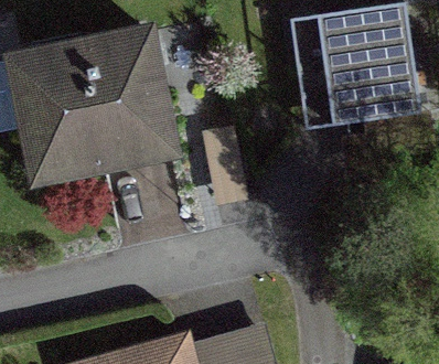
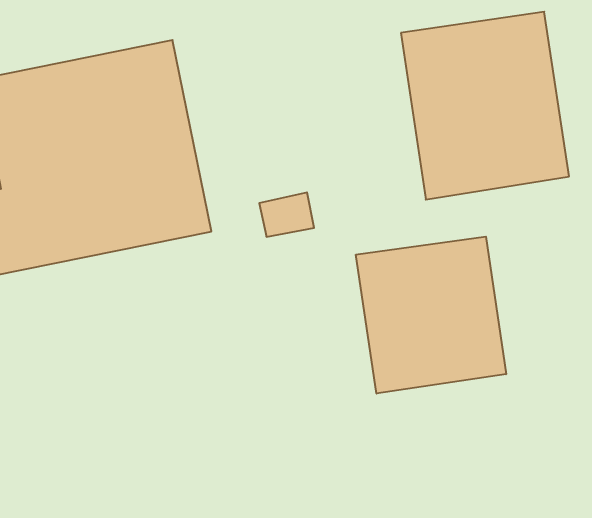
building: none -> [356,237,506,394]

